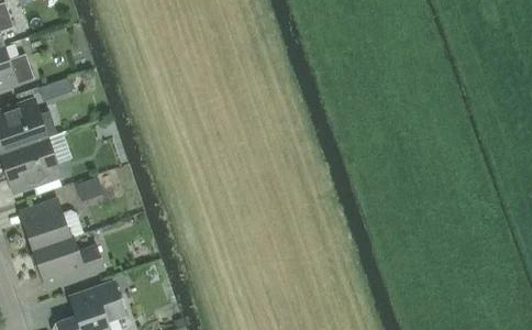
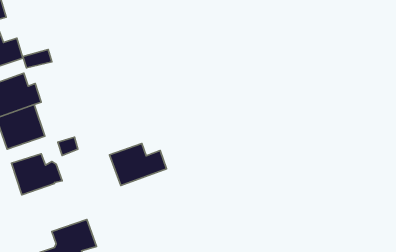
building: [32,237,103,289] -> [110,144,166,186]

